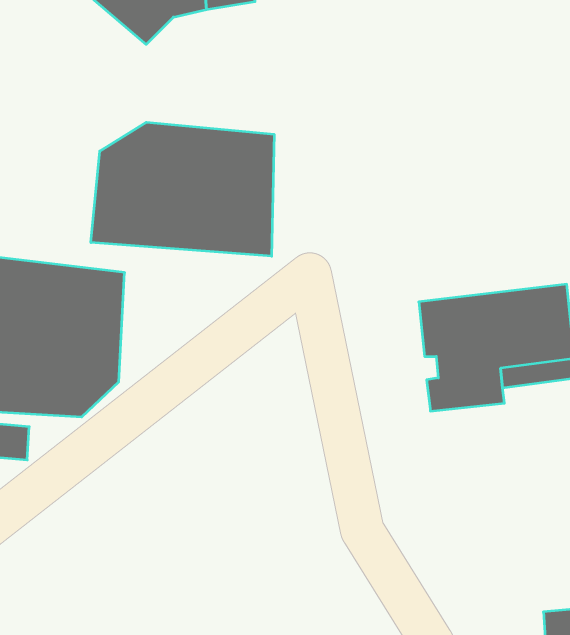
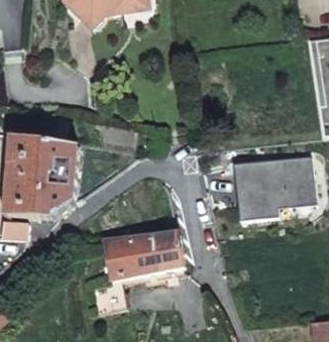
building: [91,122,274,256] -> none
building: none -> [92,234,185,317]

